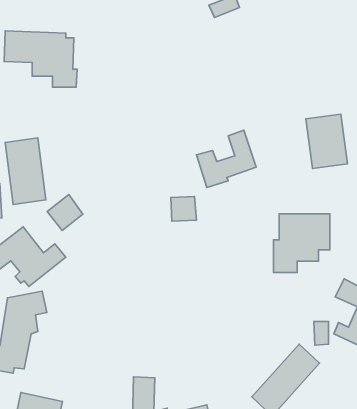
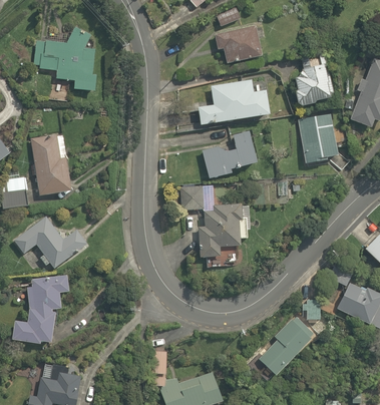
building: none -> [212,25,260,64]
building: none -> [291,53,335,107]
building: none -> [197,79,269,124]
building: [47,194,83,230] -> none
building: [273,214,330,272] -> [200,205,250,257]

